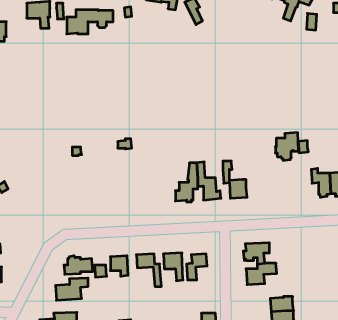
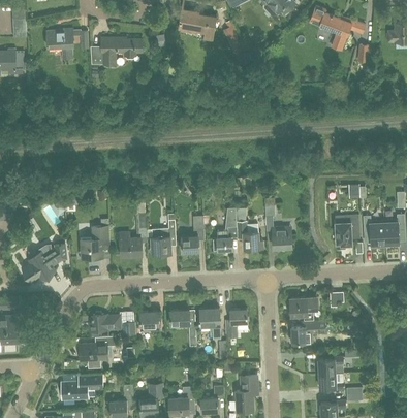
building: [275,133,299,160] -> [334,216,359,247]
building: none -> [181,216,204,253]
building: none -> [79,219,108,258]
building: none -> [151,220,175,254]
building: none -> [119,232,140,256]
building: none -> [23,244,65,281]

